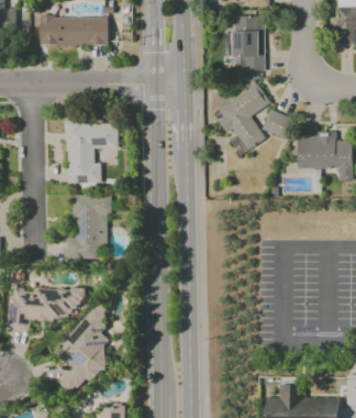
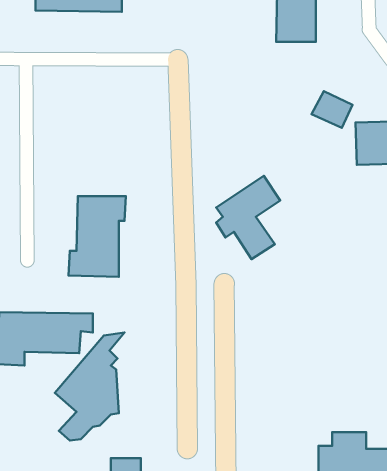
building: [219,84,270,151] -> [216,176,280,259]
building: [66,122,119,184] -> none

